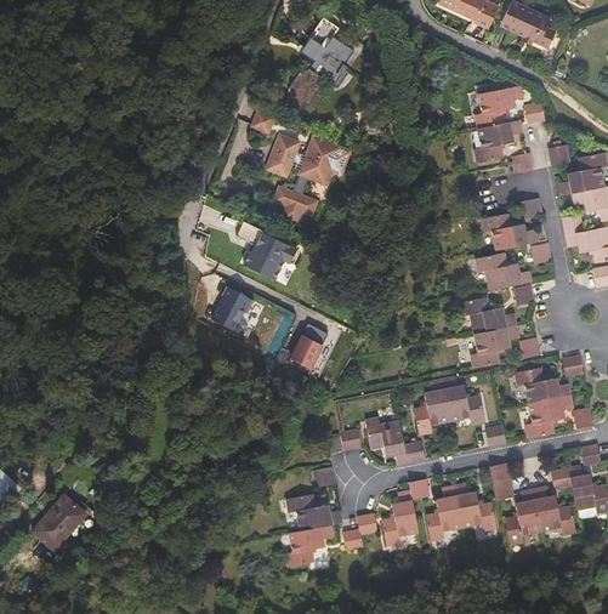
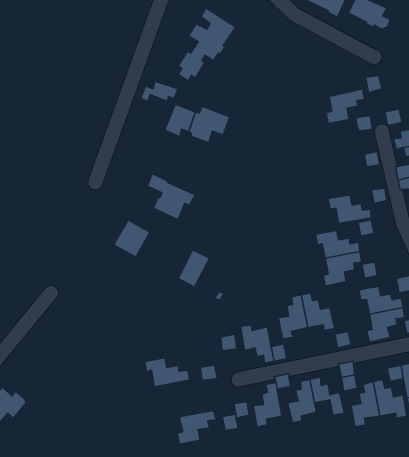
building: [475,85,522,129] -> none
building: [277,191,317,223] -> none
building: [482,214,536,249] -> none
building: [286,494,343,530] -> [145,358,190,387]

